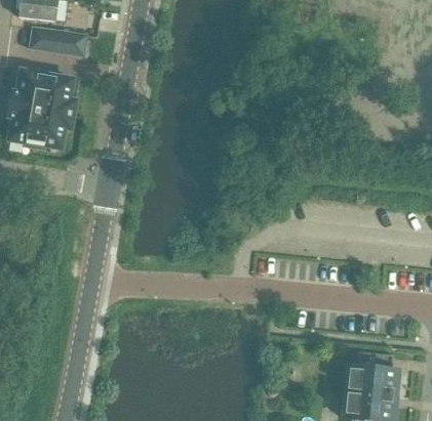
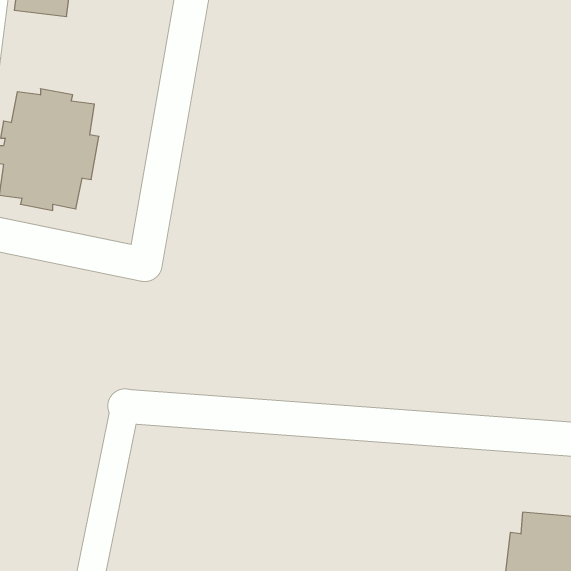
building: [29,27,86,56] -> none

